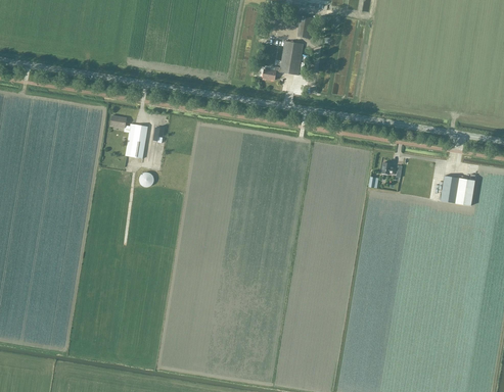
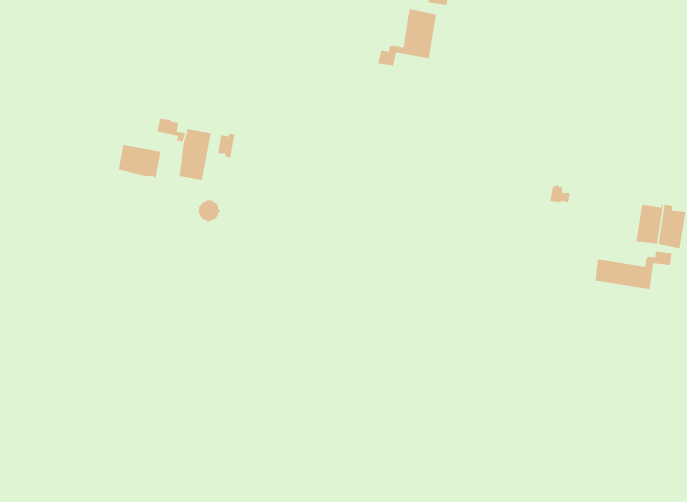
building: none -> [118,144,161,178]
building: none -> [595,251,672,290]

